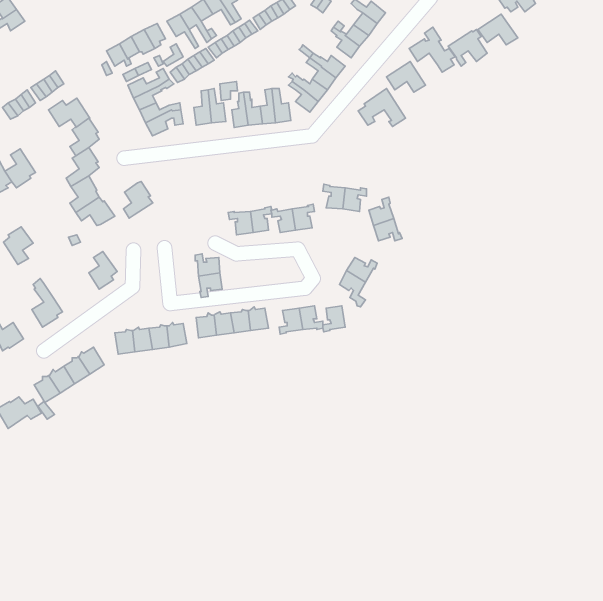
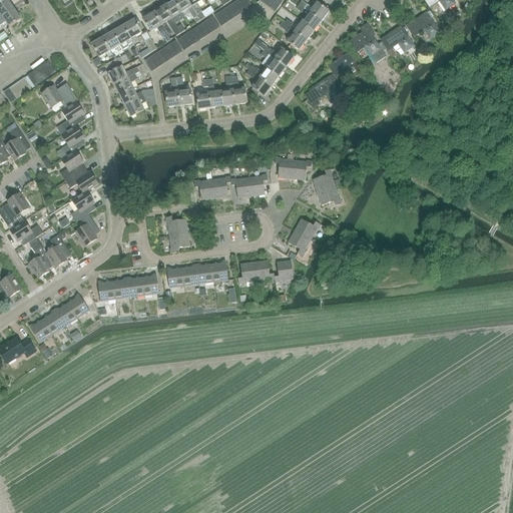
building: [123,182,153,218] -> [70,190,95,221]
building: none -> [9,219,42,245]
building: none -> [45,234,70,267]

